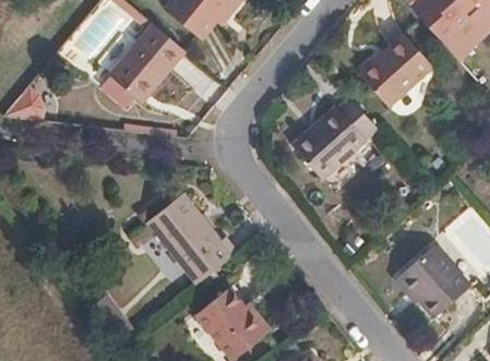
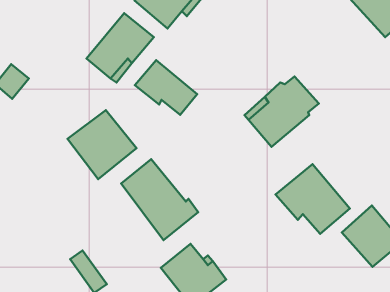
building: [358,36,432,108] -> none
building: none -> [135,60,197,115]
building: none -> [68,110,137,179]
building: none -> [276,164,350,234]

